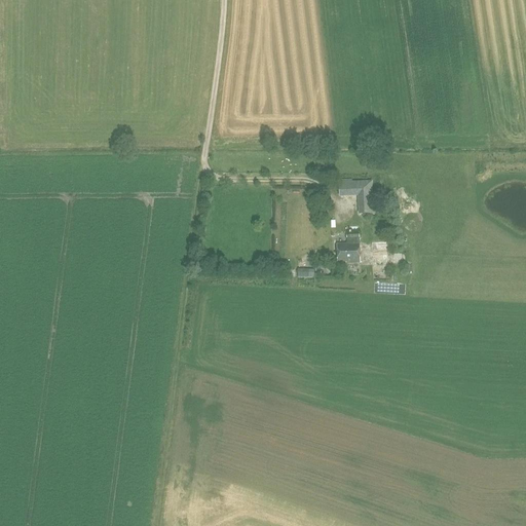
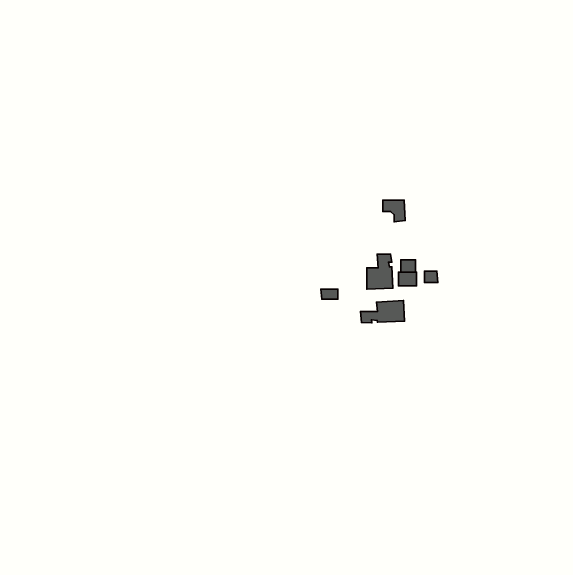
building: none -> [360,300,404,323]

